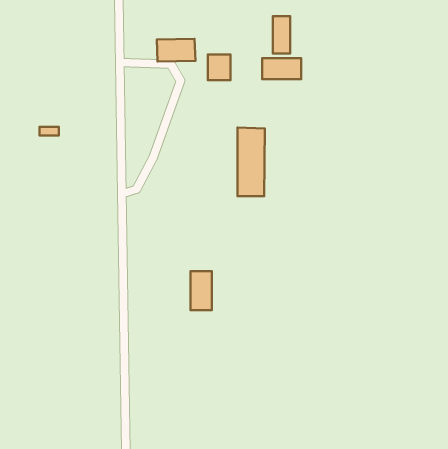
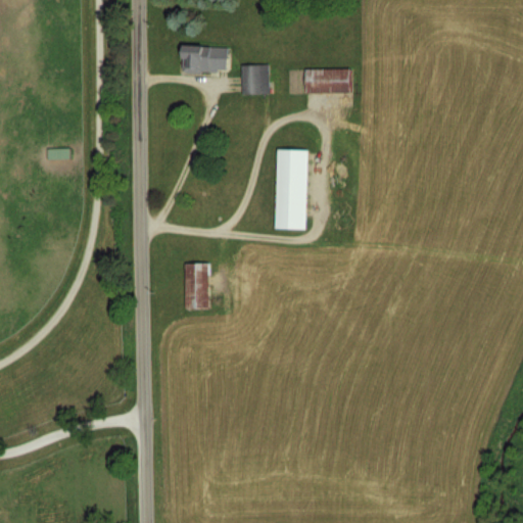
building: [273,16,290,53] -> none
building: [191,271,212,310] -> [185,263,209,307]

